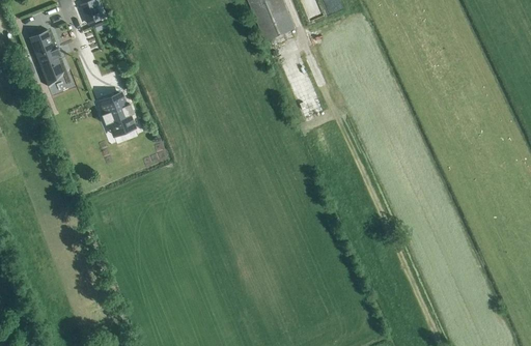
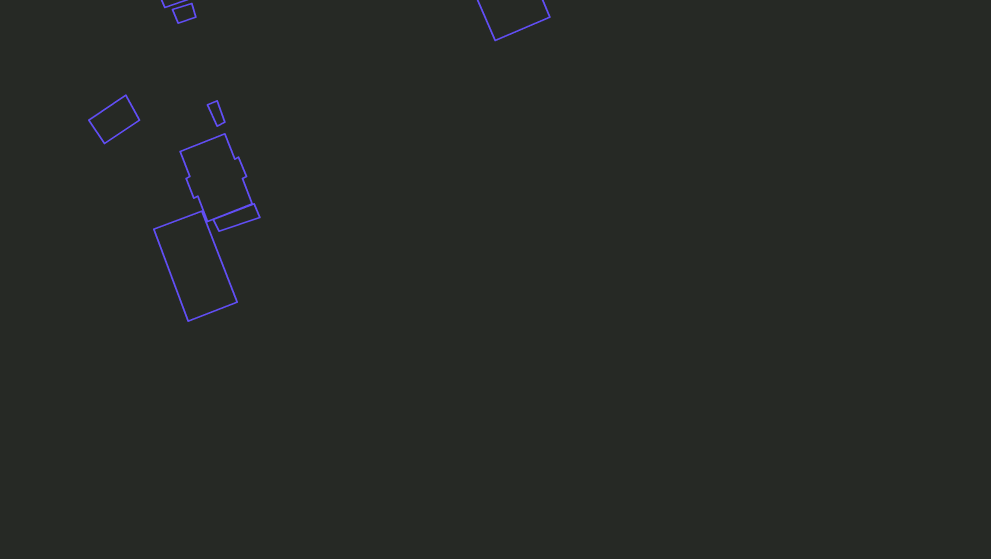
building: [28,33,60,74] -> none
building: none -> [154,211,237,321]

